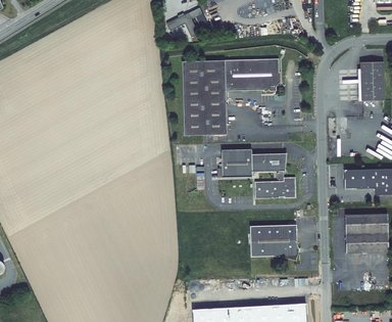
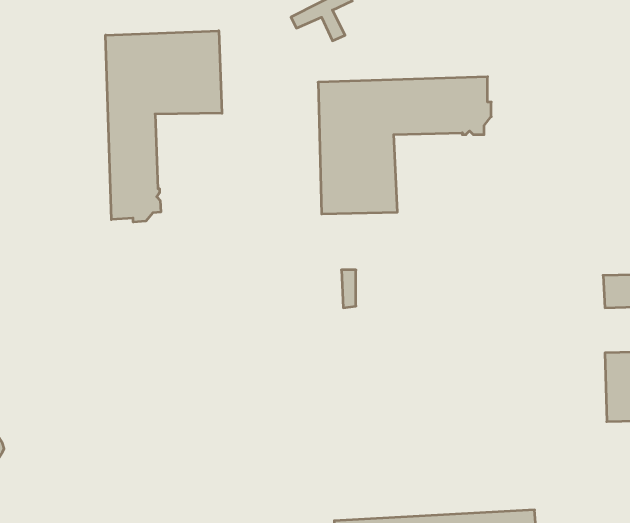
building: none -> [106,31,222,222]
building: [220,150,296,199] -> none
building: [250,224,298,261] -> none

